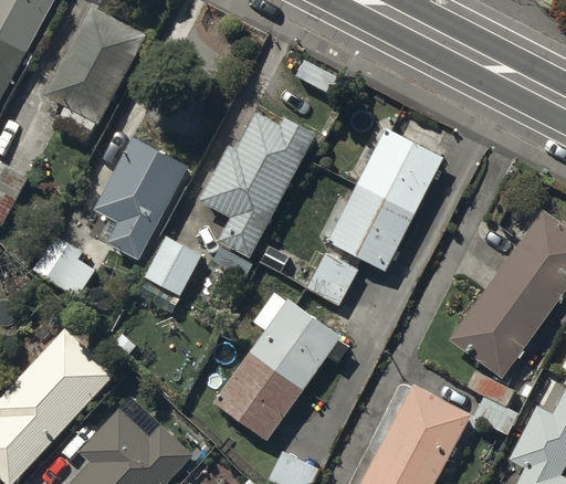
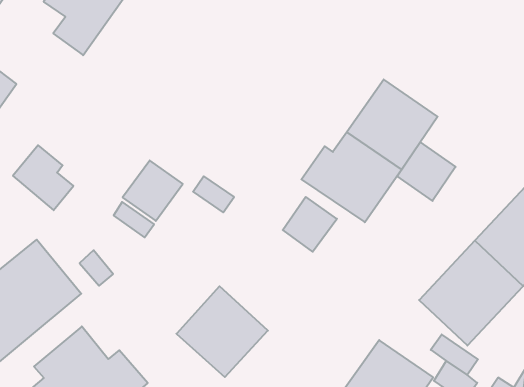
building: [199,111,315,254] -> none
building: [95,136,188,256] -> none
building: none -> [397,142,456,201]
building: [251,291,340,388] -> none

